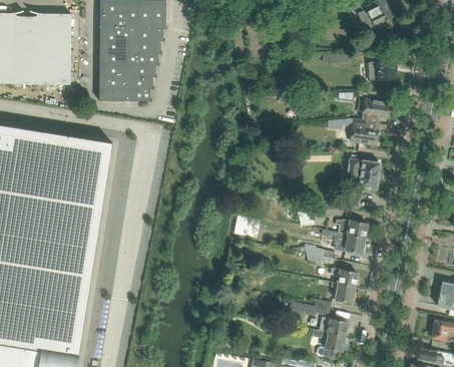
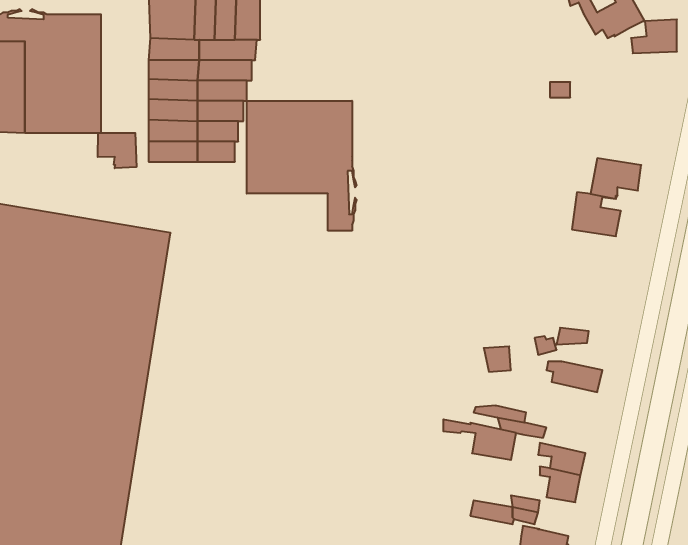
building: [369,61,396,81] -> [631,19,677,53]
building: none -> [247,101,357,231]
building: none -> [98,133,136,168]
building: [347,159,379,189] -> none
building: [322,230,365,254] -> [443,419,516,460]

